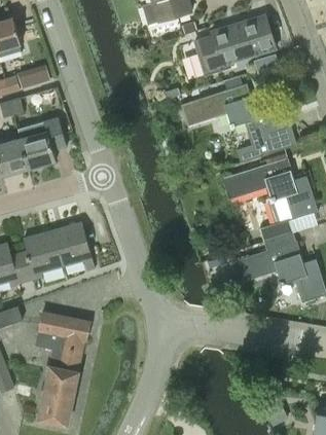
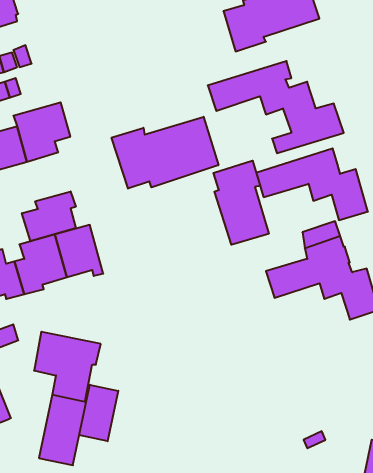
building: none -> [112,117,218,189]
building: none -> [213,161,269,245]
building: none -> [22,191,76,241]
building: none -> [79,385,118,441]

